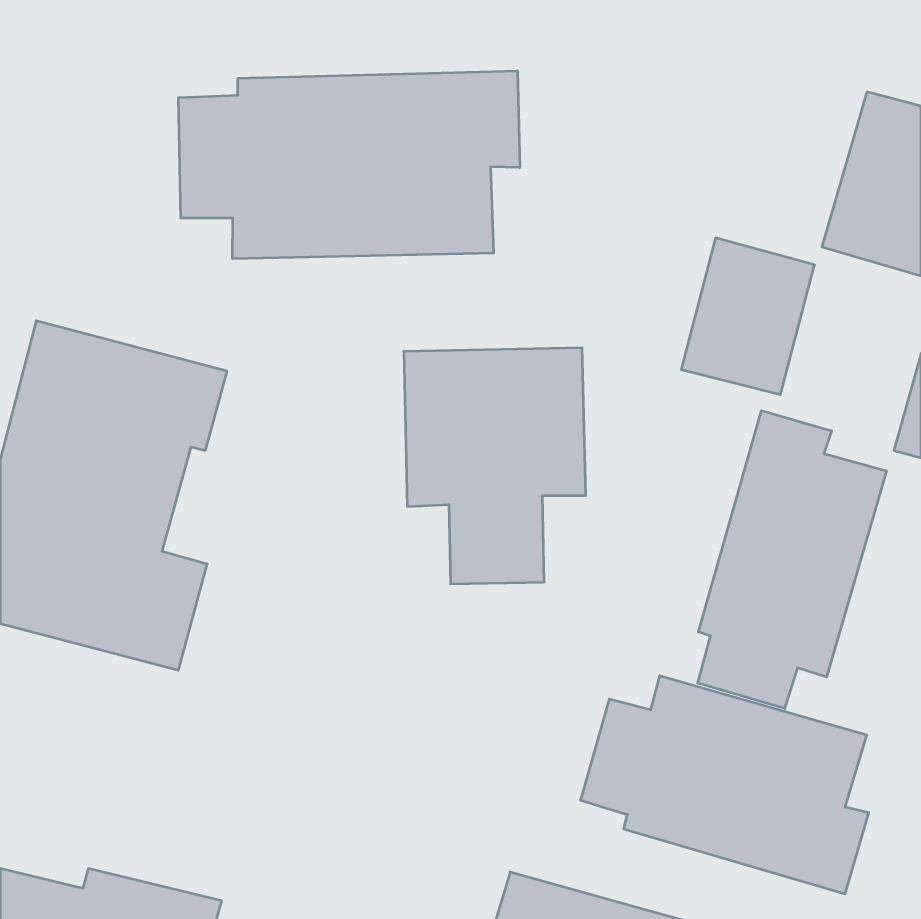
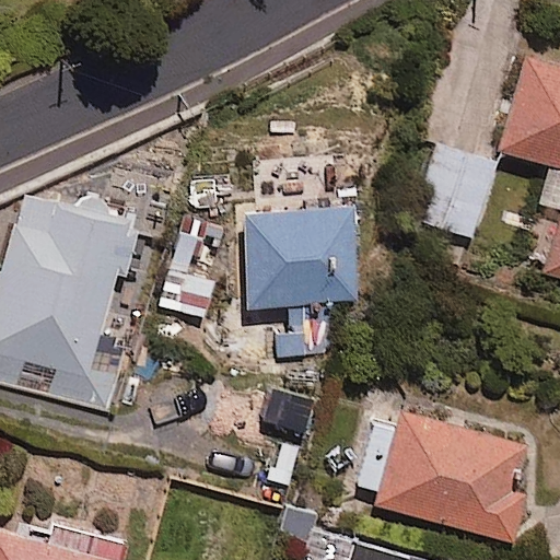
building: [178,71,520,259] -> none
building: [698,411,886,709] -> none

